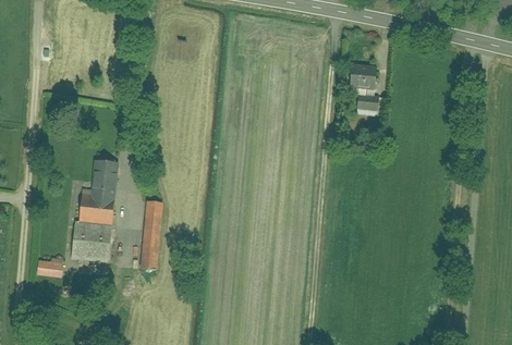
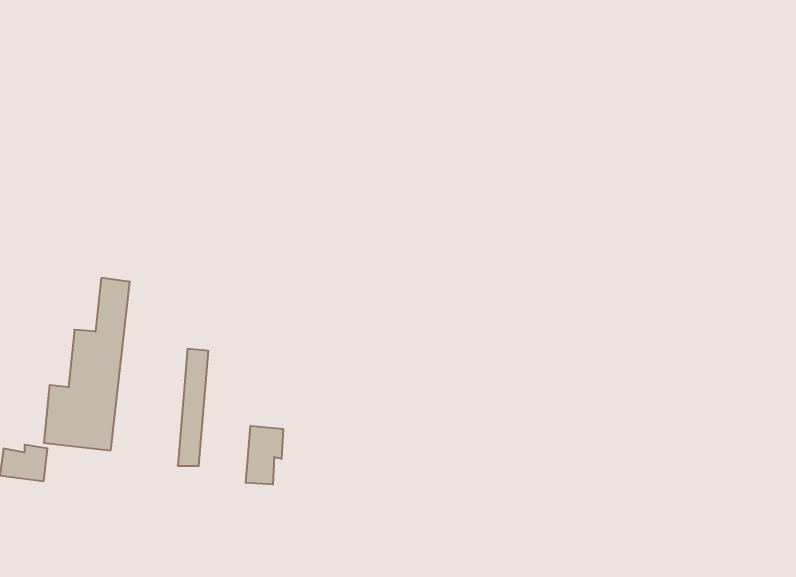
building: [352,66,378,116] -> none
building: none -> [246,426,283,485]

